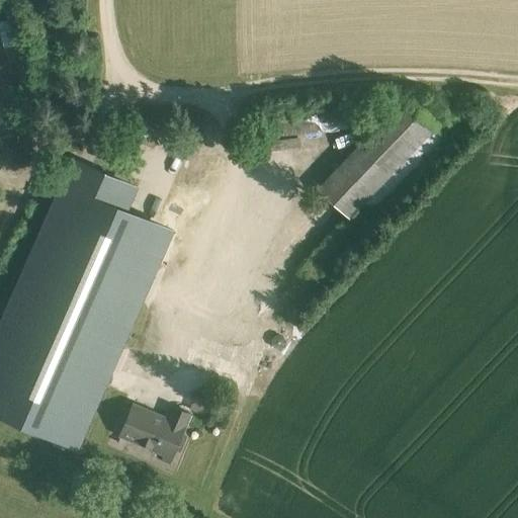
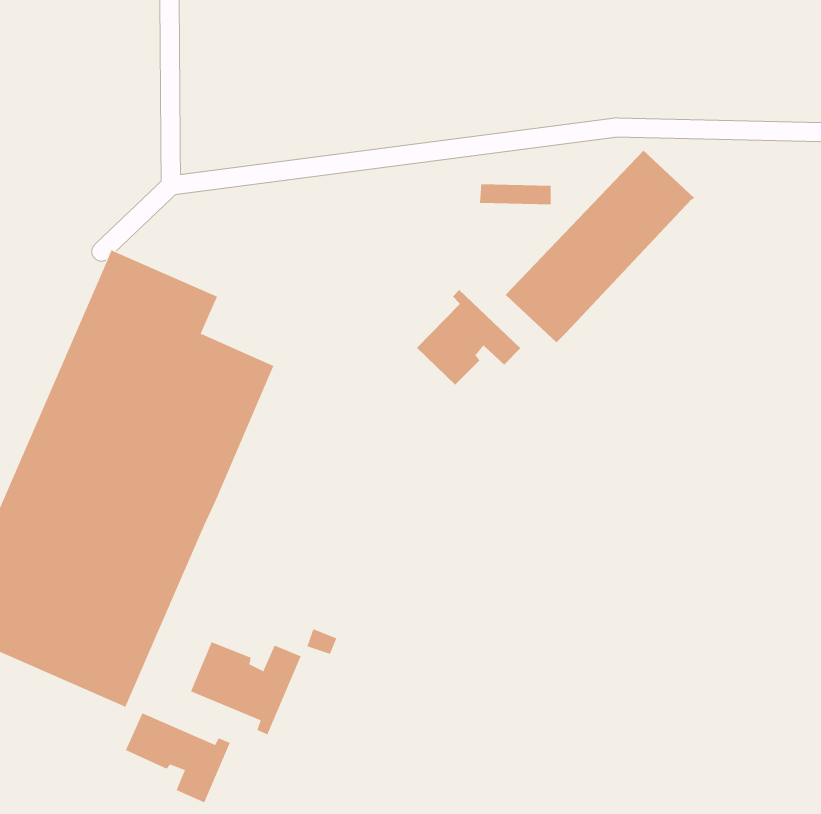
building: none -> [416,289,521,385]
building: none -> [125,713,231,803]

